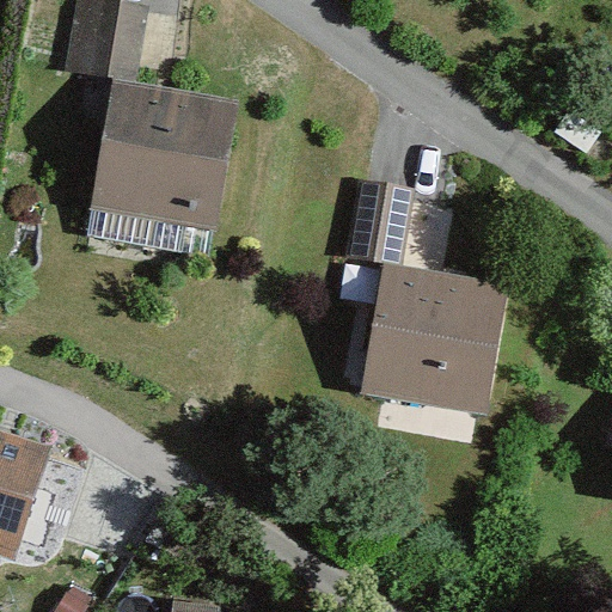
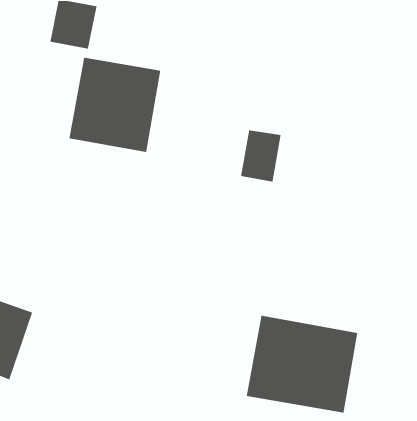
building: [371,273,503,409] -> none
building: none -> [246,315,358,413]

